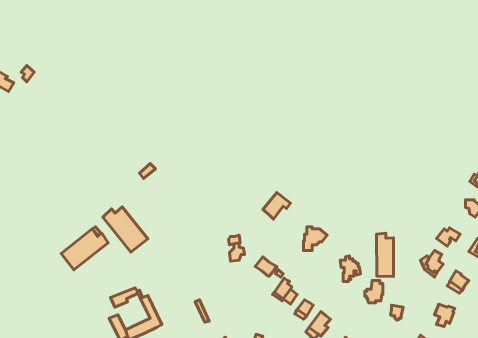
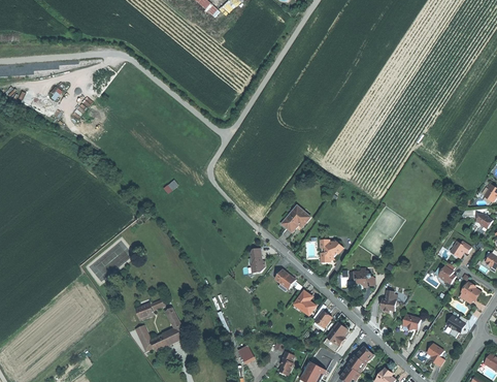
building: [103,207,148,252] -> none
building: [376,233,393,276] -> none

